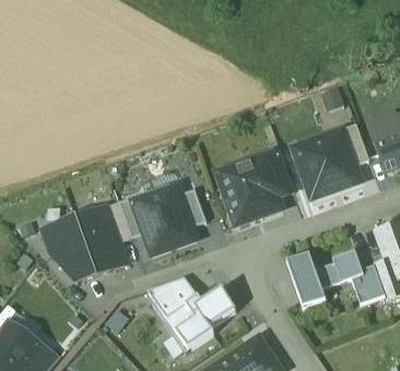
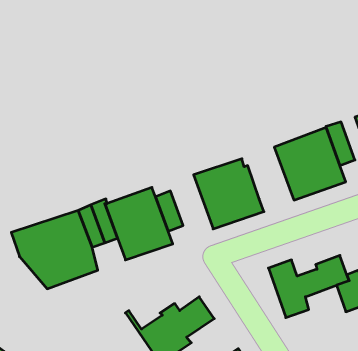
building: [261,148,295,195] -> none
building: [148,275,198,319] -> none

